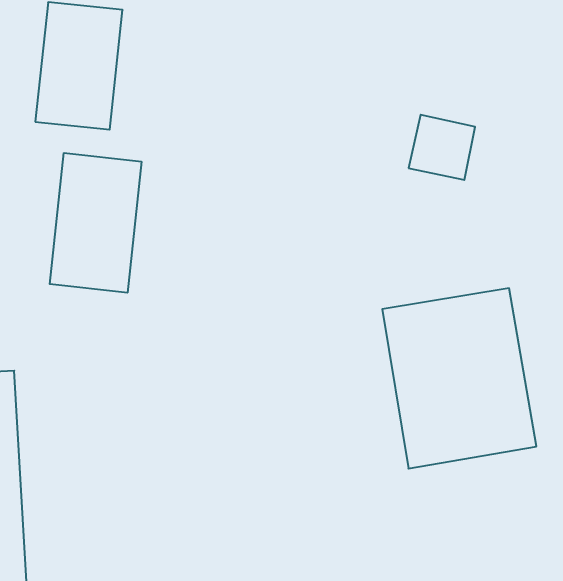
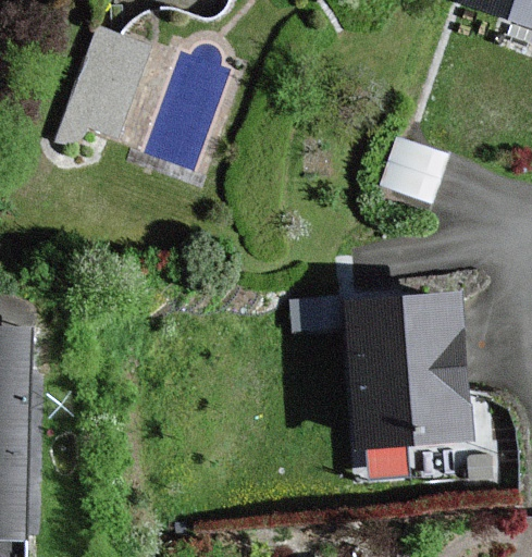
building: [50,153,141,293] -> none

